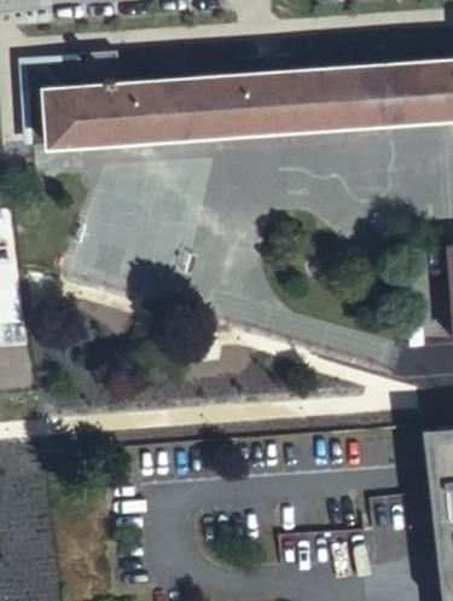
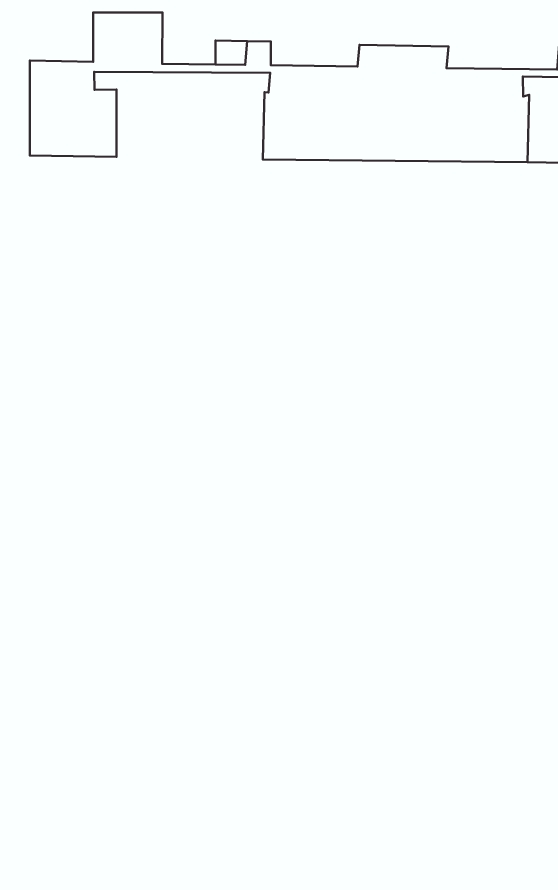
building: [82,86,190,145] -> none

